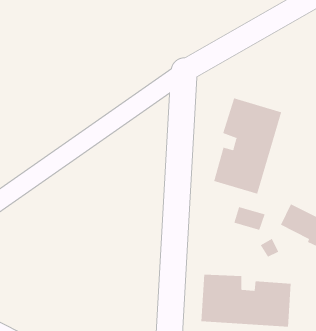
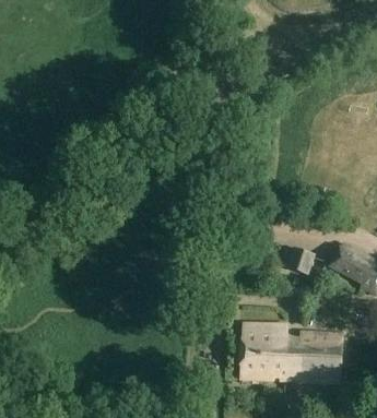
building: [213,97,282,194] -> none

